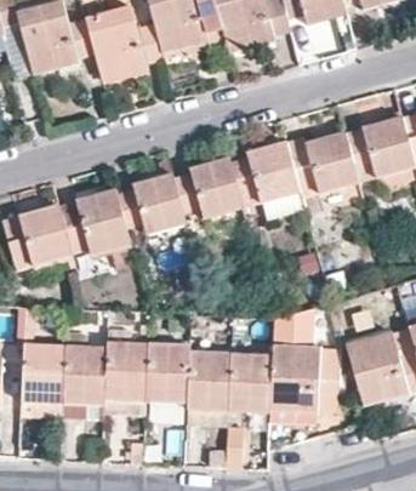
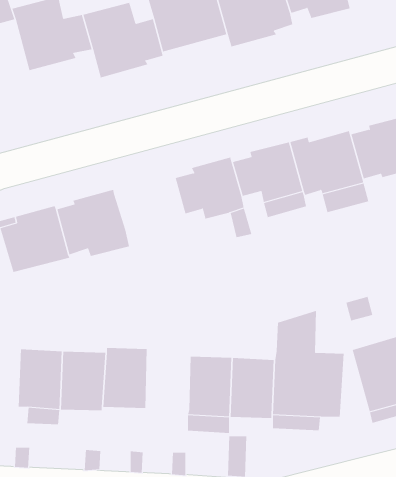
building: [116,173,187,234] -> none
building: [147,343,190,402] -> none

